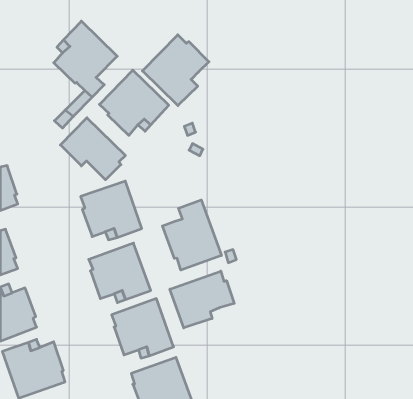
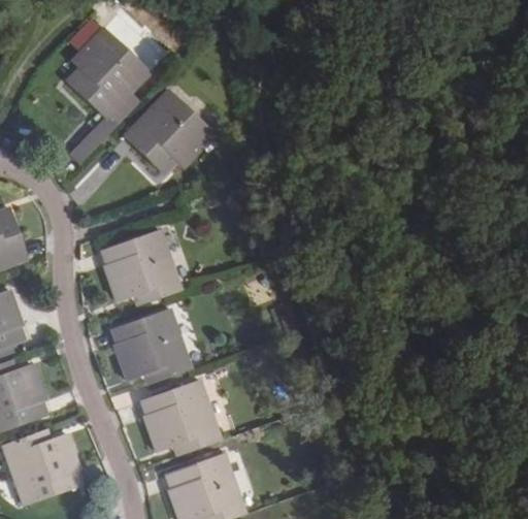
building: [142,35,209,106] -> none
building: [60,118,125,180] -> none
building: [162,200,221,270] -> none
building: [170,271,234,328] -> none

